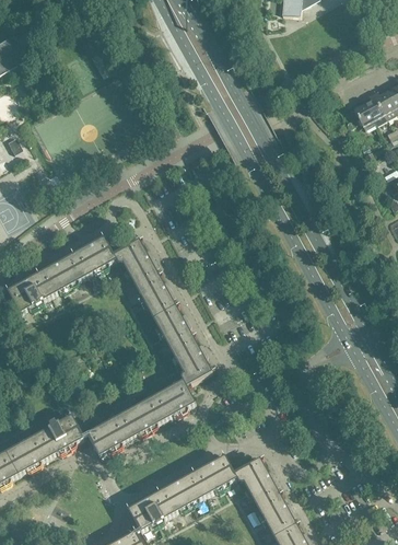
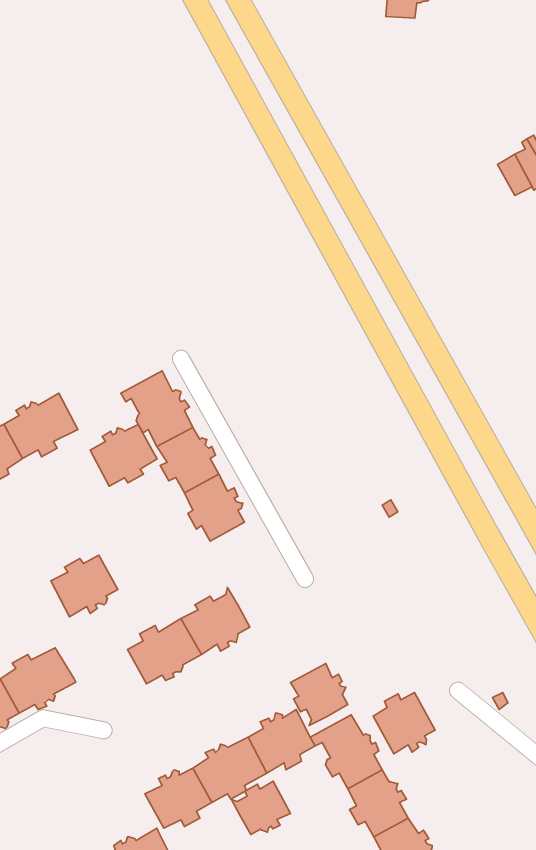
building: [74,237,117,277] -> [90,424,157,486]
building: [171,336,212,389] -> none
building: [87,417,130,456] -> [51,555,118,617]
building: none -> [290,664,348,726]
building: none -> [373,693,435,754]
building: none -> [232,781,291,835]

